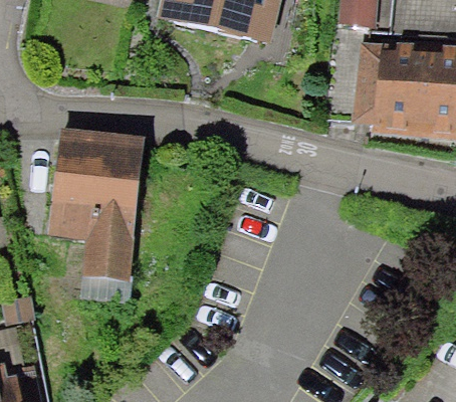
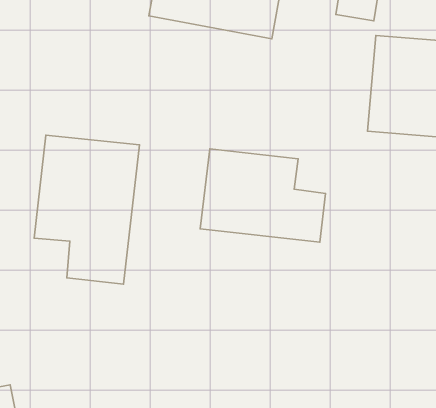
building: none -> [200,149,325,242]

